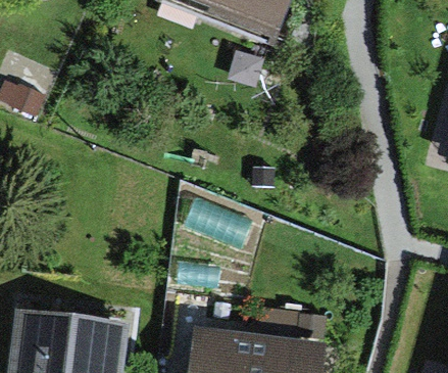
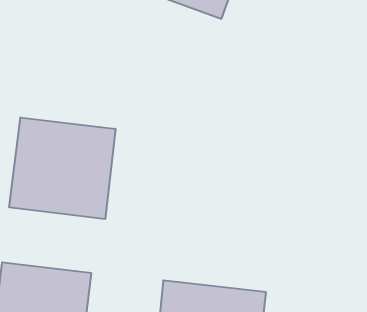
building: none -> [9,117,115,219]

